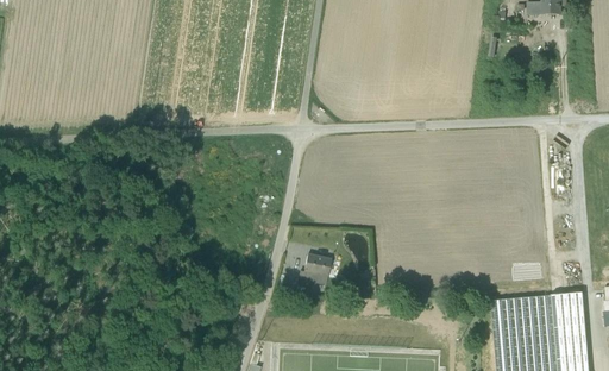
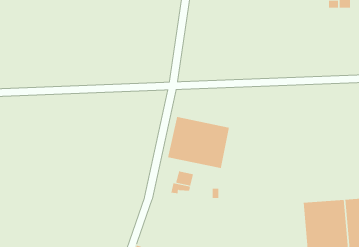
building: none -> [168,116,230,169]

